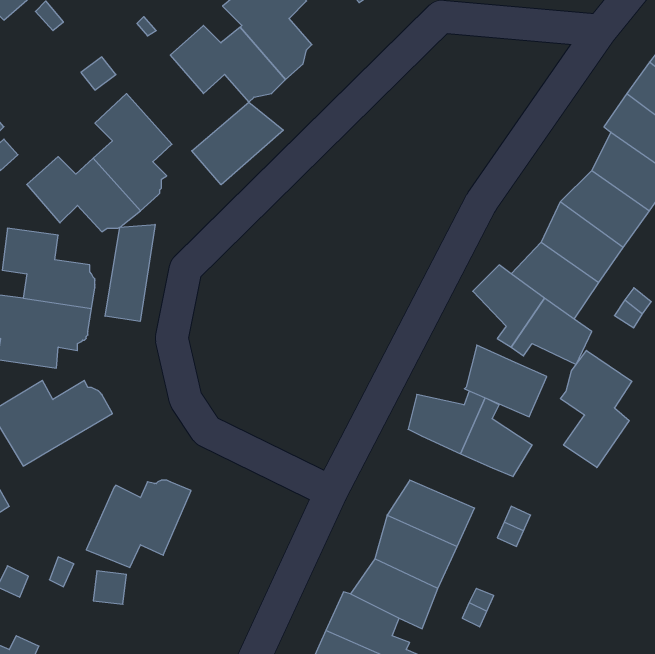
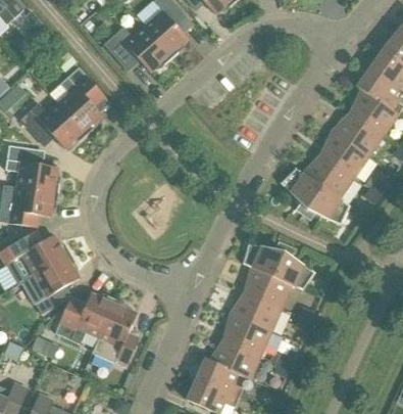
building: [192,102,283,185] -> none
building: [105,224,155,321] -> none
building: [464,345,547,417] -> [244,267,292,309]
building: [560,350,632,468] -> none
building: none -> [30,254,79,314]
building: none -> [93,298,140,368]

